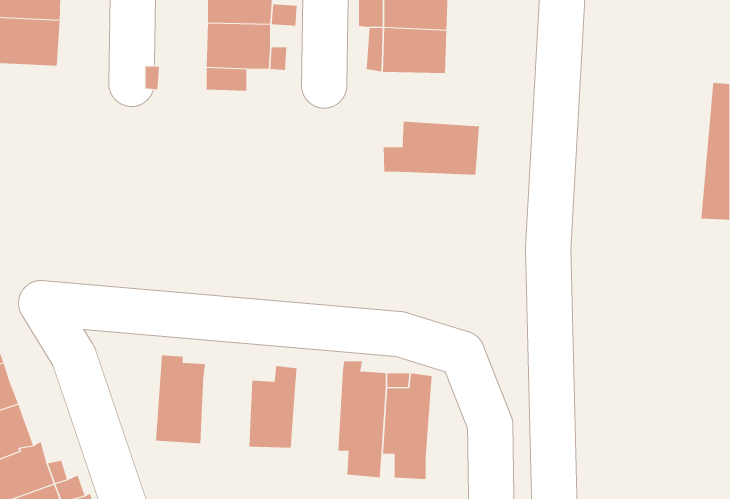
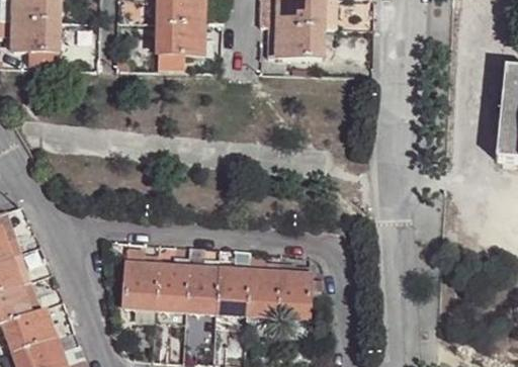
building: [383,121,480,175] -> none
building: none -> [155,257,190,313]
building: none -> [217,260,251,316]

